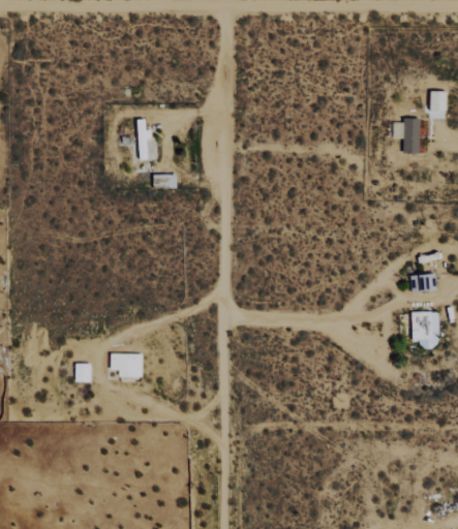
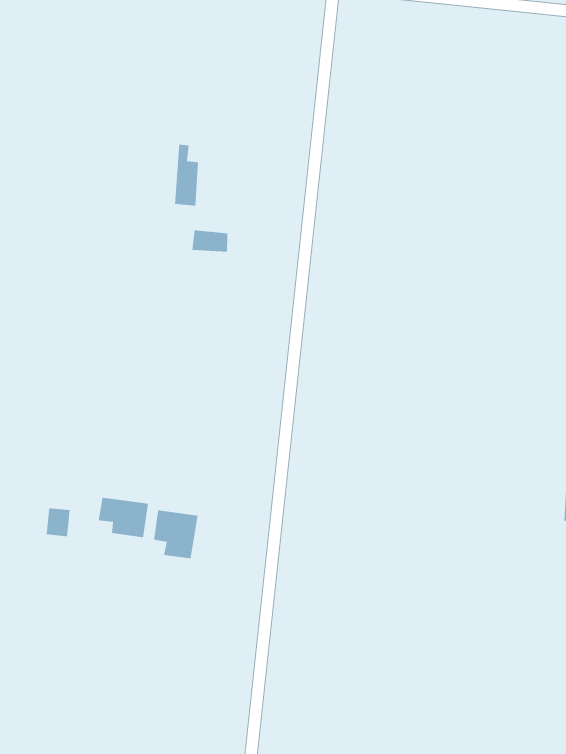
building: none -> [154,509,198,559]

